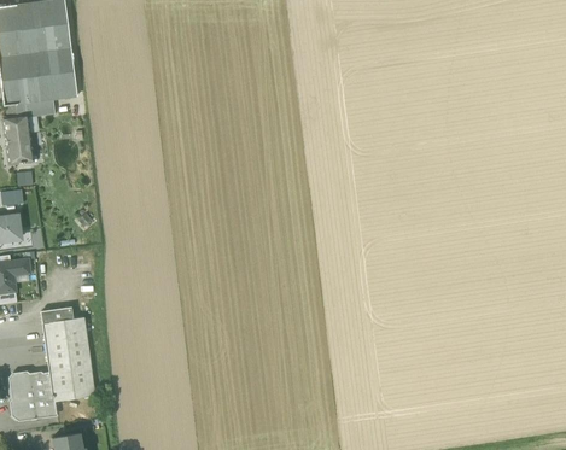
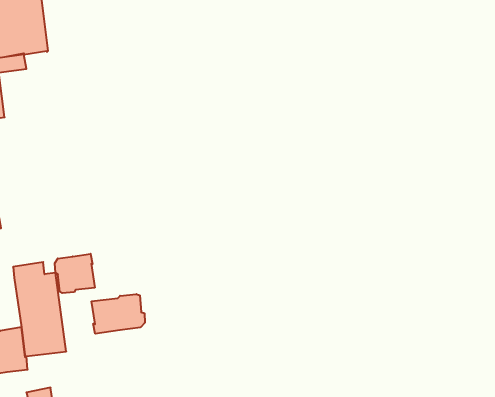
building: none -> [55,254,95,293]
building: none -> [92,294,145,334]

